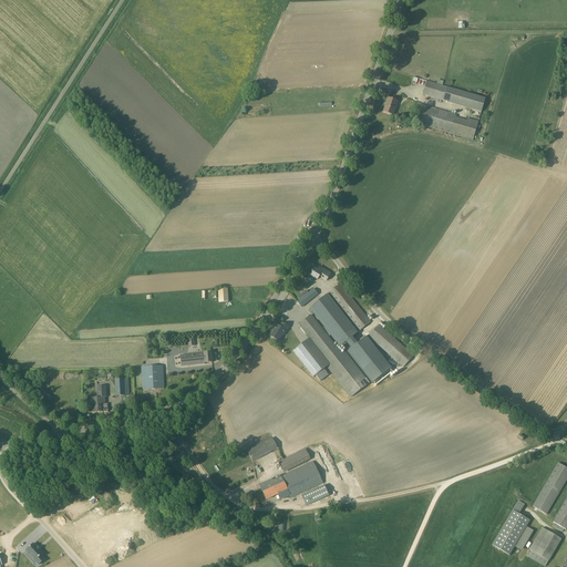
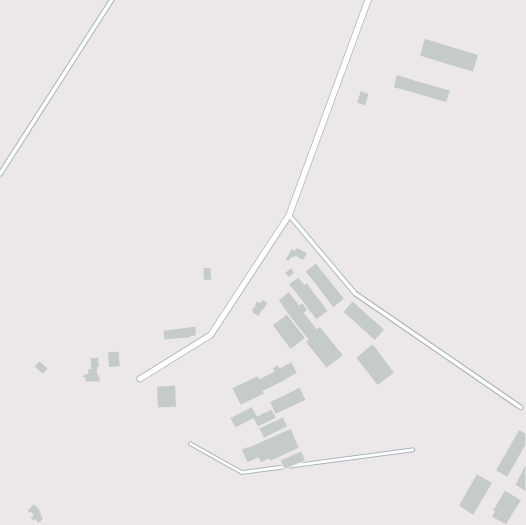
building: [414,103,478,140] -> [419,38,479,72]
building: [348,336,390,381] -> [356,344,395,386]
building: [142,364,164,389] -> [156,385,177,408]
building: none -> [231,361,297,406]
building: none -> [269,387,306,415]

